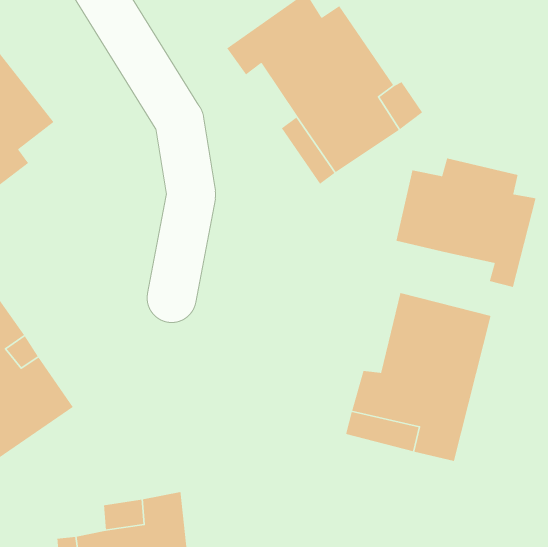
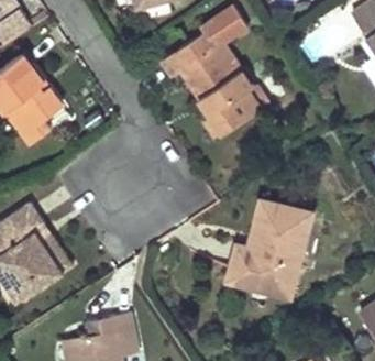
building: [395,158,537,288] -> none

